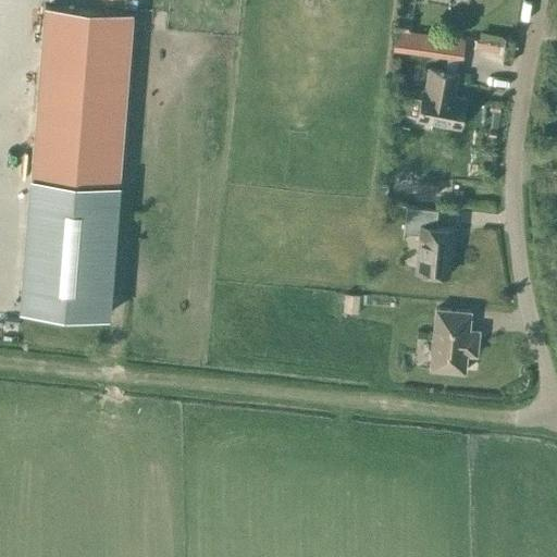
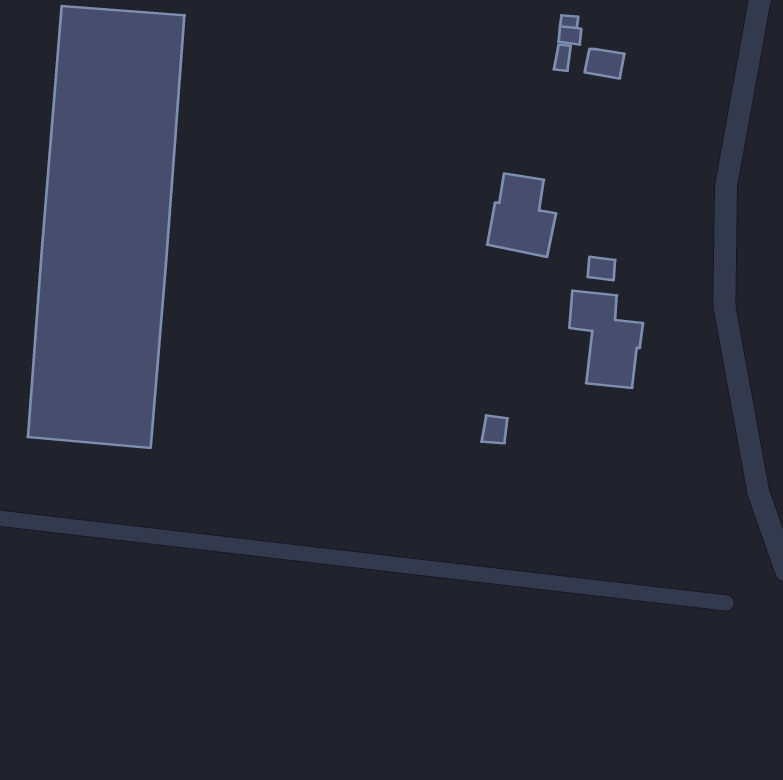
building: [418,73,467,132] -> [487,174,556,257]
building: [431,312,480,376] -> none

